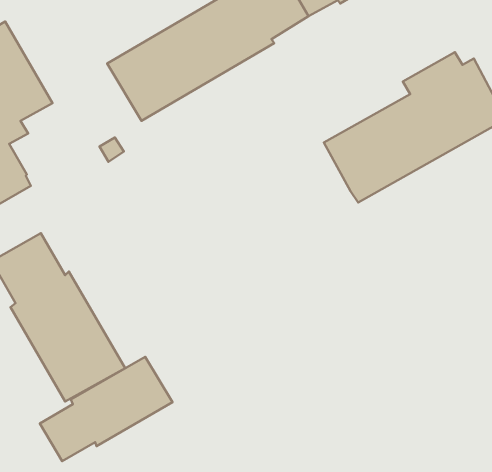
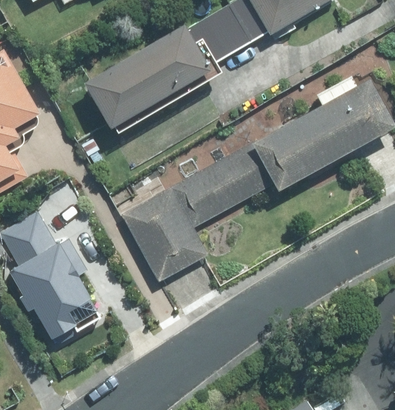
building: none -> [120,139,278,283]
building: [40,357,172,461] -> none

